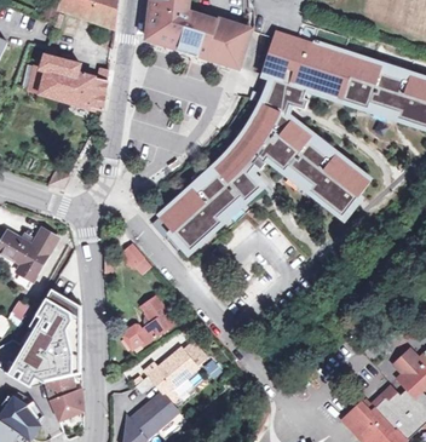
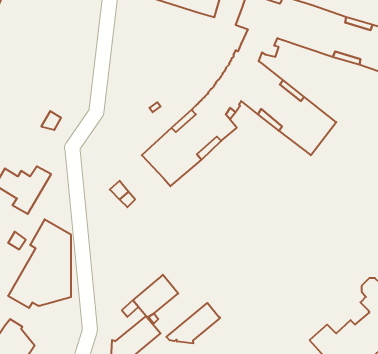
building: [24,54,109,113] -> none
building: [122,294,173,348] -> none
building: [46,374,84,420] -> none
building: none -> [166,303,220,343]

